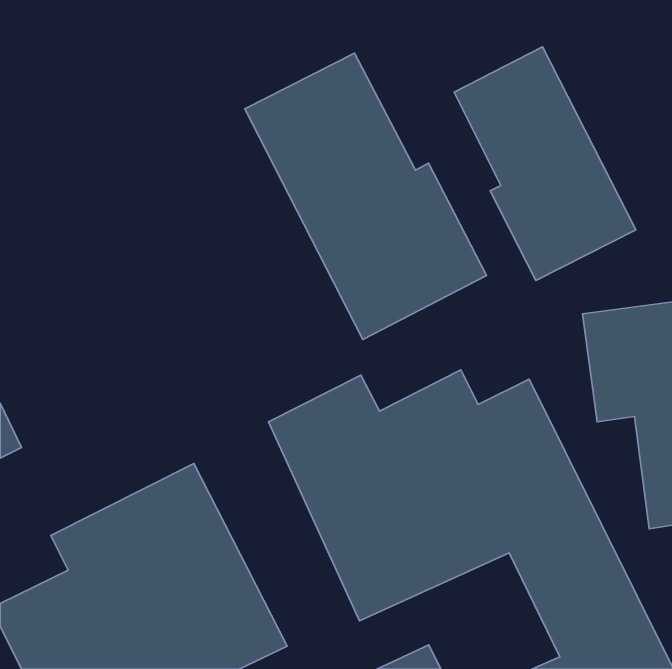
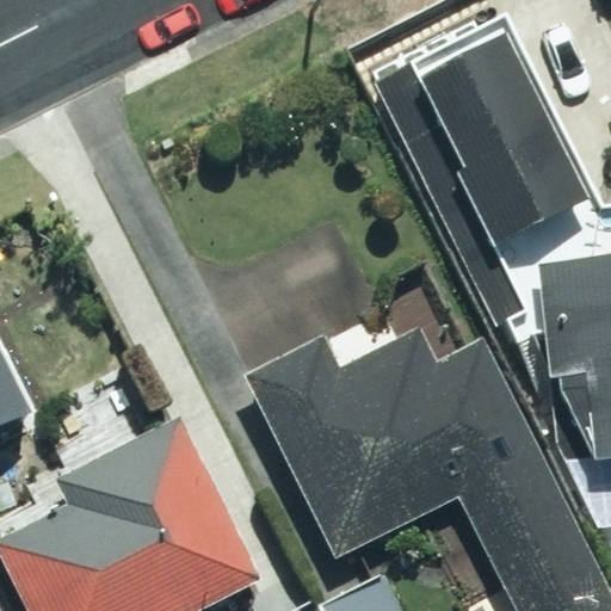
building: [245,53,487,339] -> none

